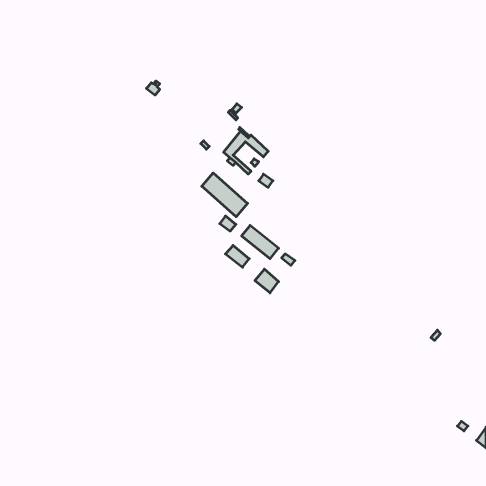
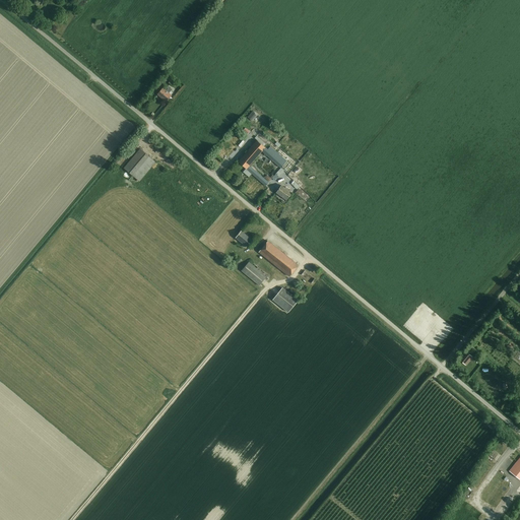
building: none -> [123,148,155,182]
building: [202,173,248,217] -> none

